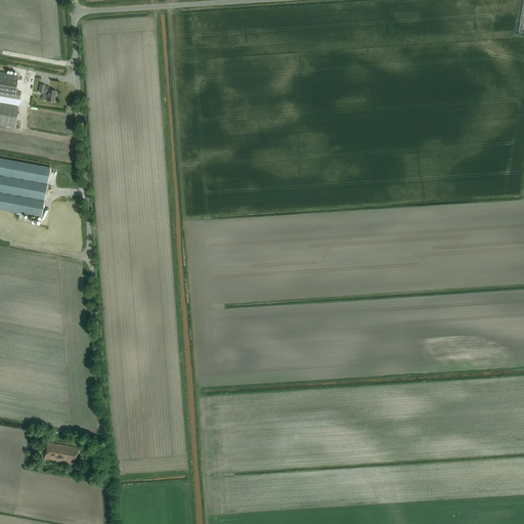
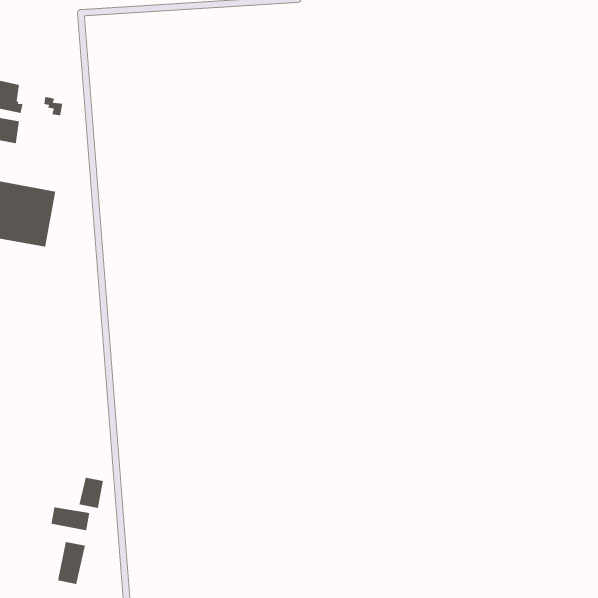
building: none -> [79,477,104,509]
building: none -> [57,541,86,585]

